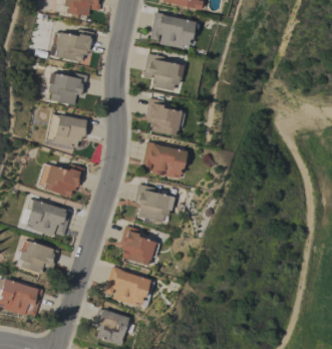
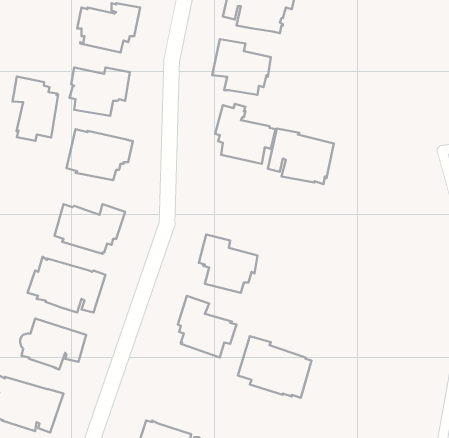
building: none -> [13,77,58,141]
building: [142,141,187,179] -> [268,128,334,184]
building: [105,266,154,307] -> [238,336,312,398]

